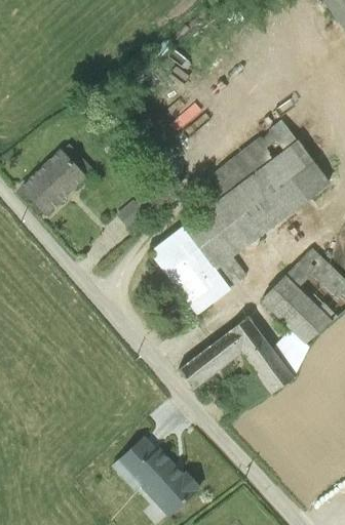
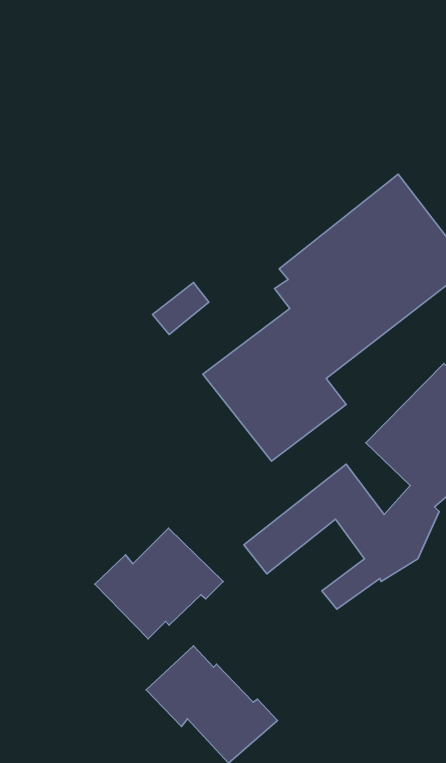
building: [23,144,94,212] -> none
building: none -> [95,528,223,639]

